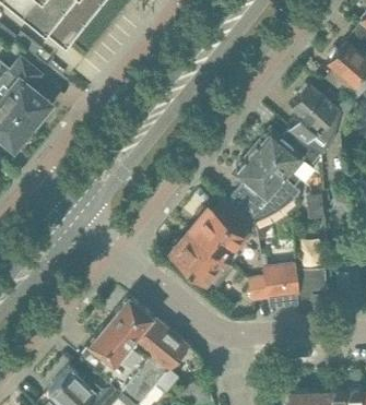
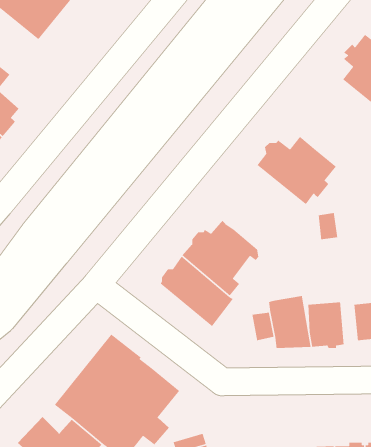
building: [291,84,342,155] -> none
building: [227,153,302,225] -> none

